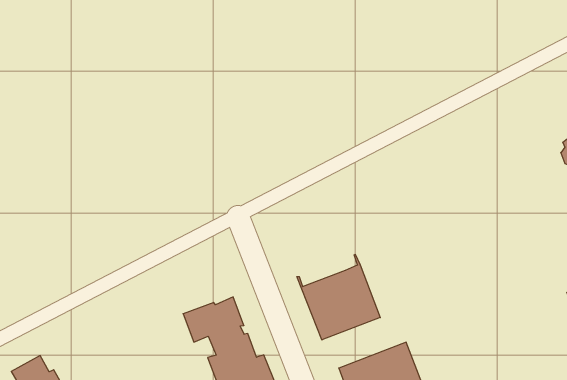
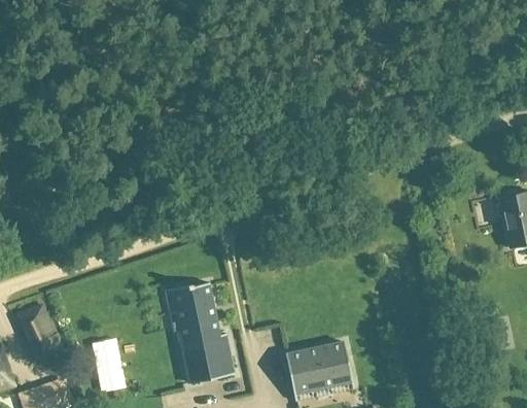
building: [297,254,380,340] -> none

